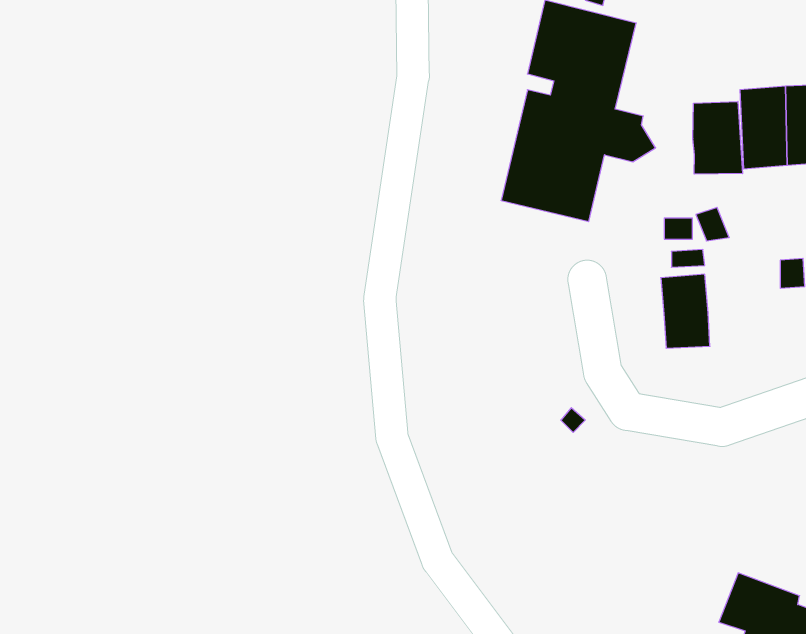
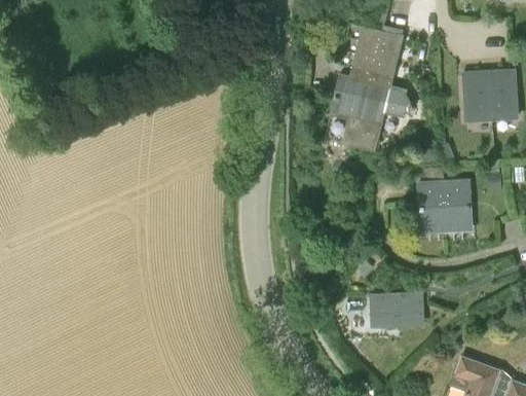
building: [693,101,743,174] -> none
building: none -> [443,180,471,223]
building: none -> [370,293,424,331]

